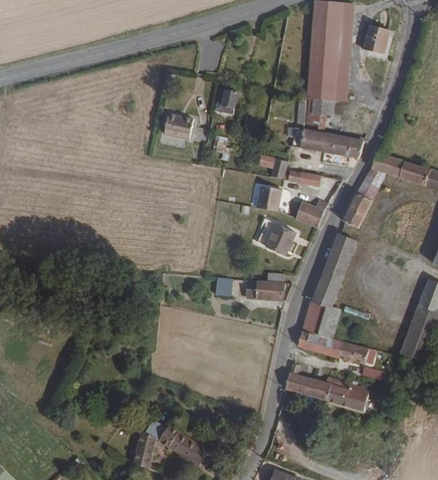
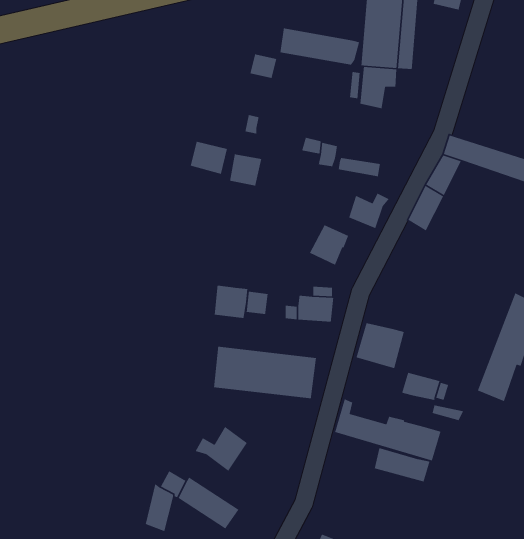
building: [165,109,195,137] -> [190,141,228,175]
building: [299,128,364,158] -> [279,27,360,65]
building: [256,185,282,211] -> [229,154,262,186]
building: [310,232,357,306] -> none
building: none -> [214,285,248,319]
building: none -> [213,346,317,399]
building: [297,329,343,357] -> [374,447,431,483]
building: none -> [195,426,248,472]

